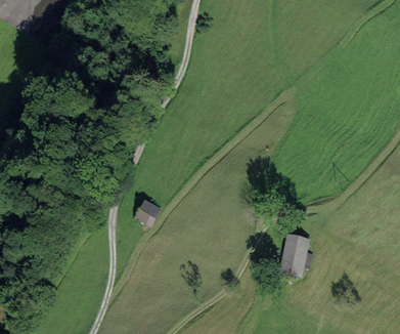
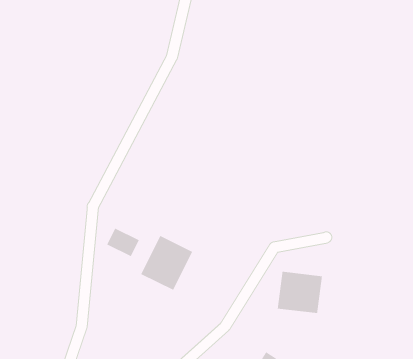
building: none -> [140,235,193,291]

